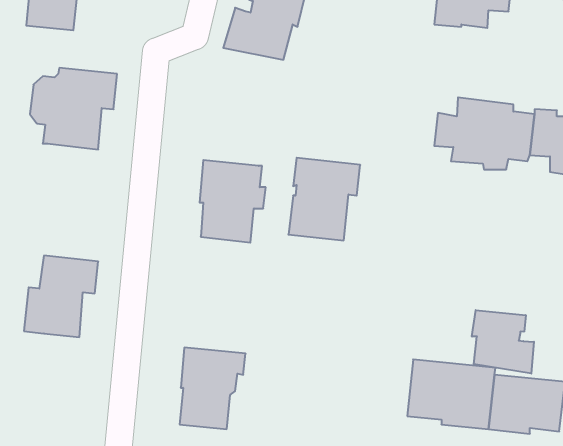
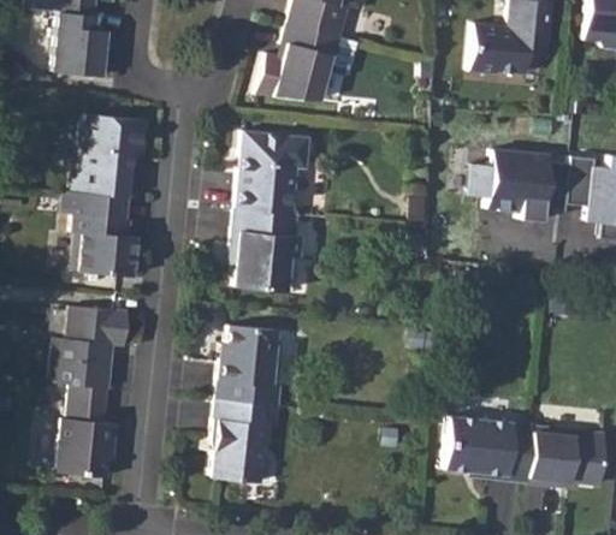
building: none -> [72,191,135,275]
building: [288,158,360,240] -> [235,130,308,214]
building: none -> [215,326,280,405]
building: [472,310,534,374] -> none
building: none -> [58,385,117,477]

